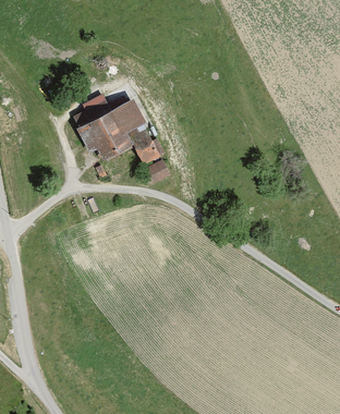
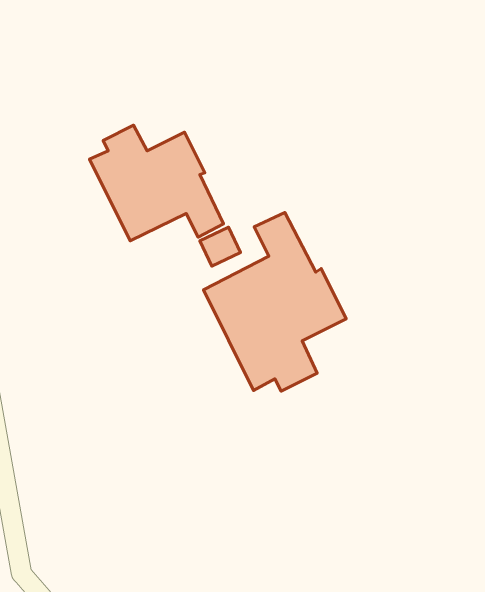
building: none -> [203,212,346,391]

